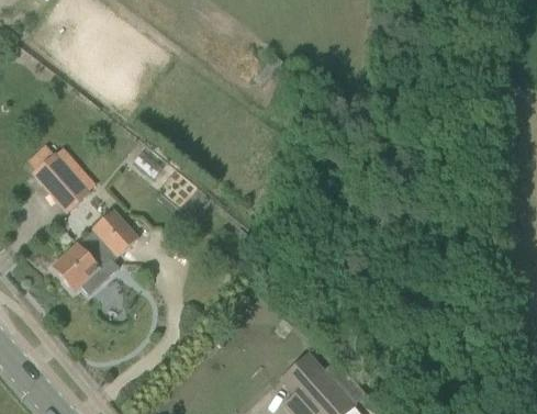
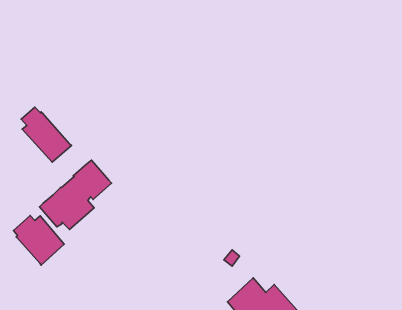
building: none -> [14,216,64,265]

